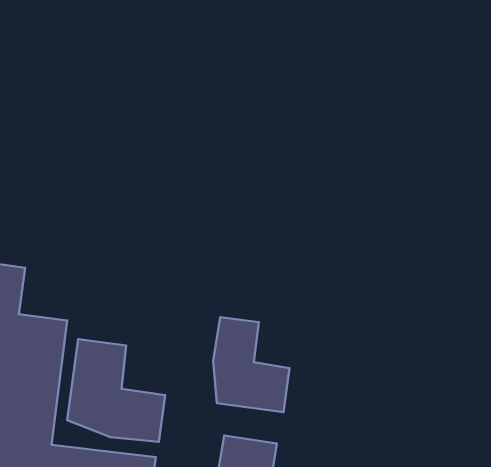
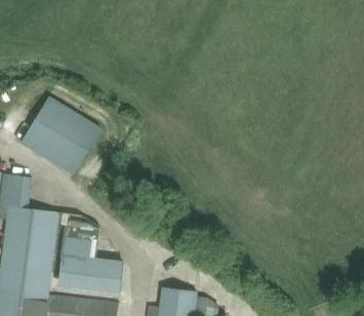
building: none -> [19,96,102,176]
building: [213,317,290,412] -> none

